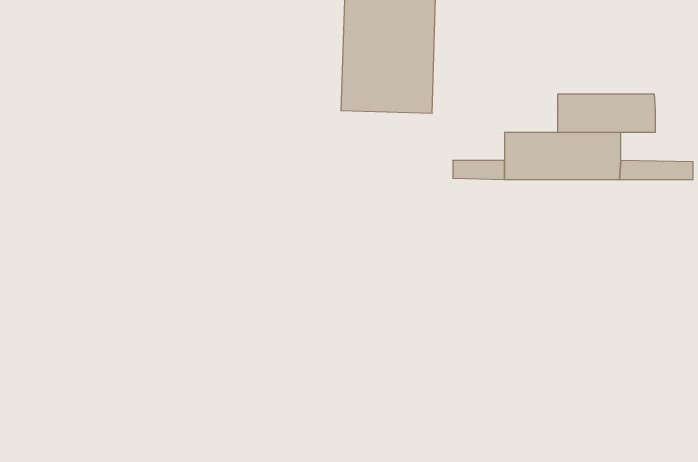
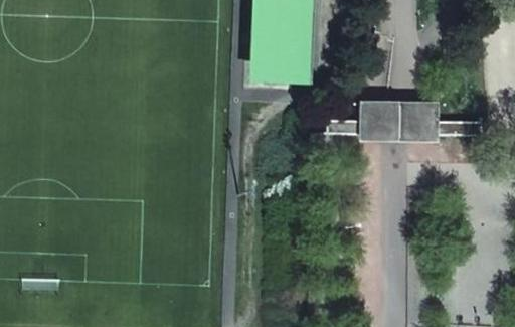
building: [558,94,655,132] -> none

